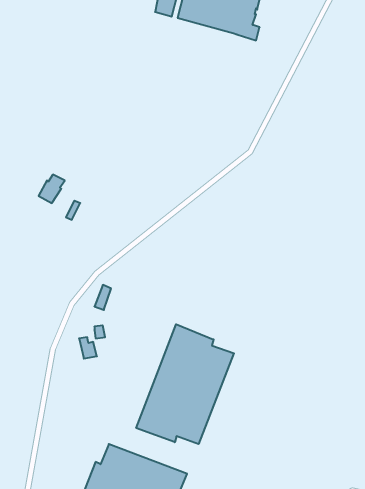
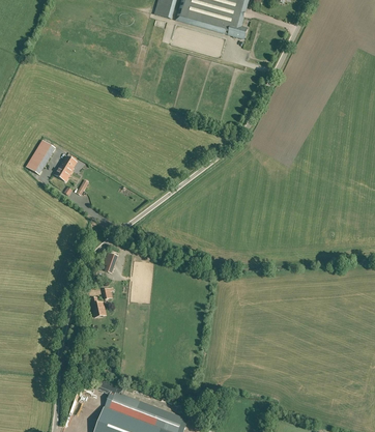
building: none -> [25,139,55,174]
building: [136,324,234,444] -> none

